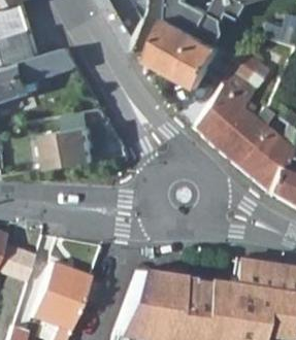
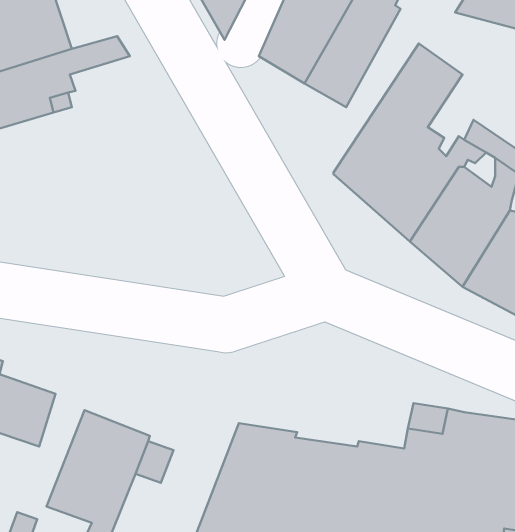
building: [47,125,98,166] -> none

